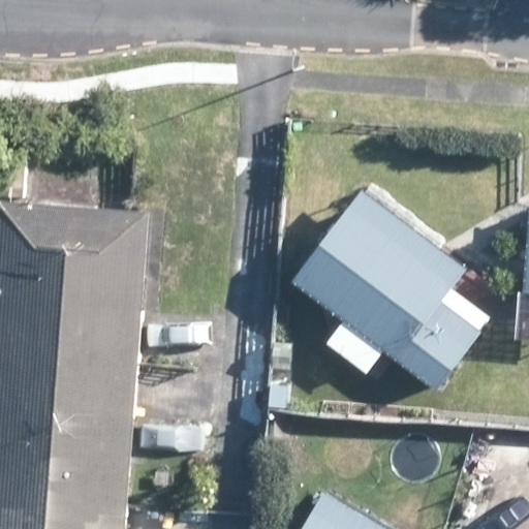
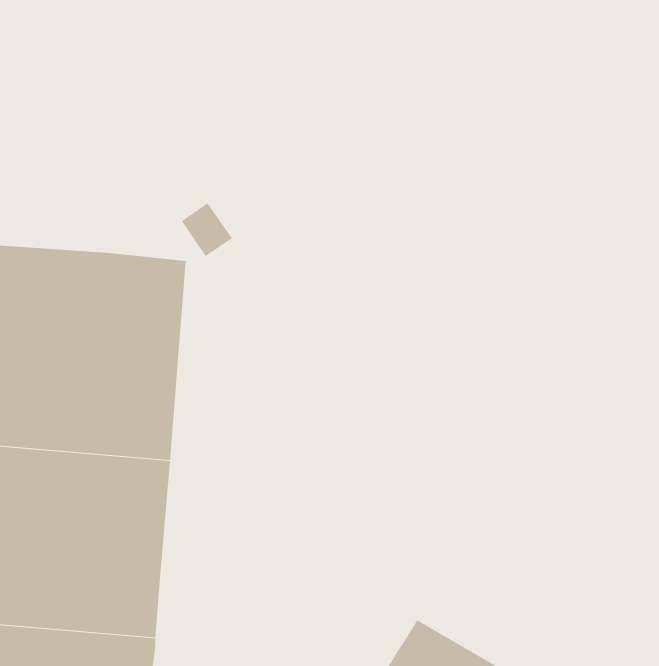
building: [292,191,478,390] -> none

